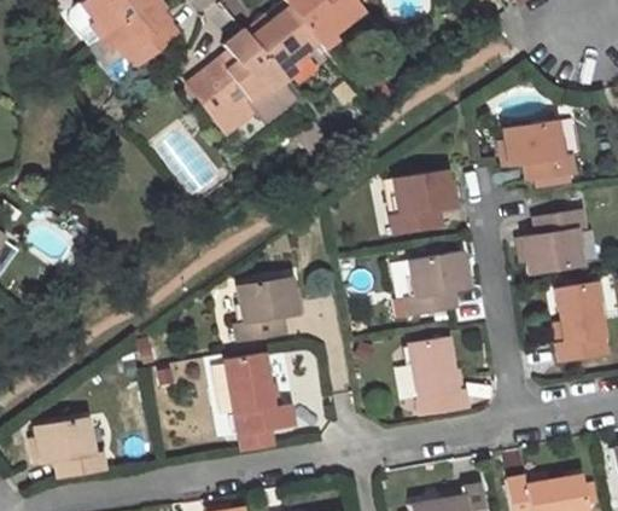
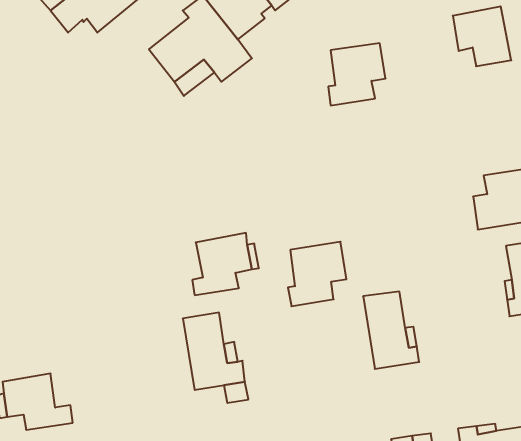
building: [506,120,566,181] -> [453,6,511,66]
building: [395,170,454,234] -> [328,43,386,105]
building: [408,249,468,315] -> [288,242,346,306]

